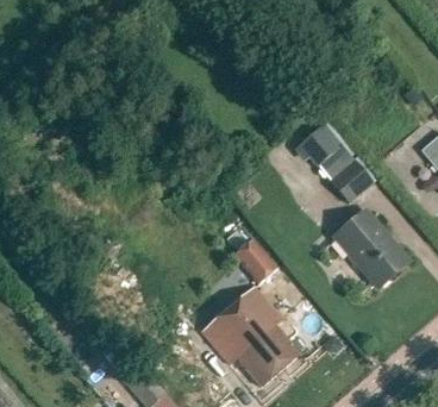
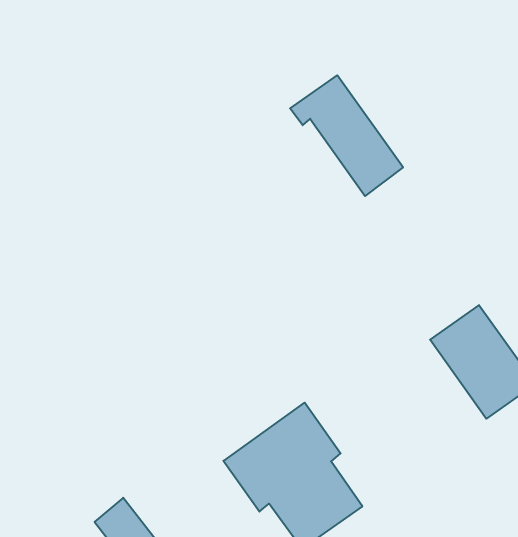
building: [294,125,374,205] -> [290,75,403,196]
building: [238,236,276,276] -> none

